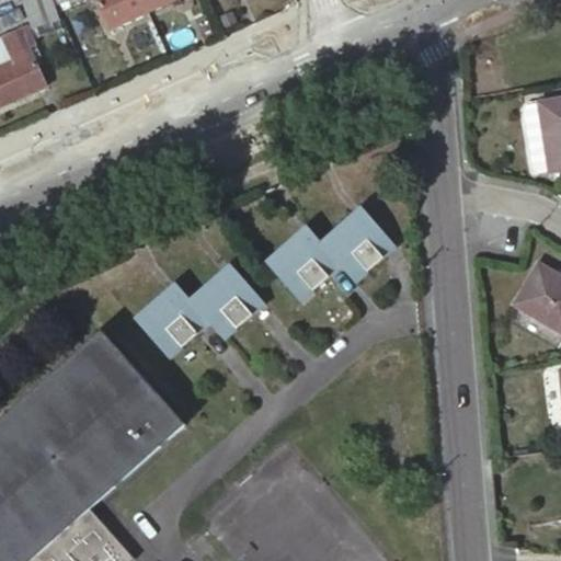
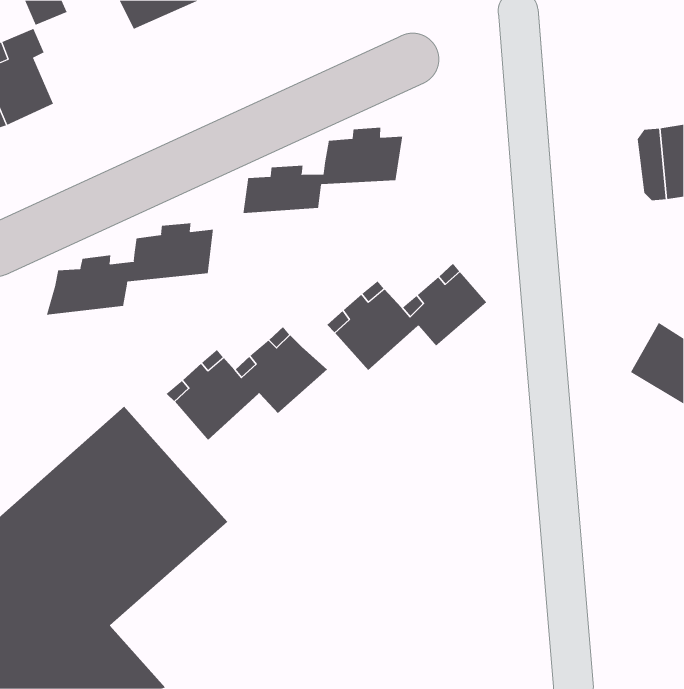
building: none -> [243,127,403,214]
building: none -> [46,222,214,315]

